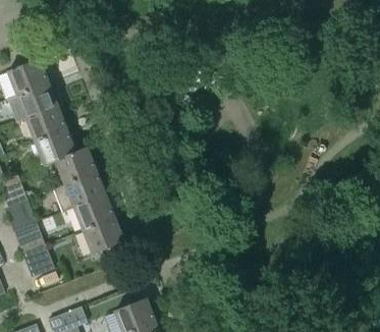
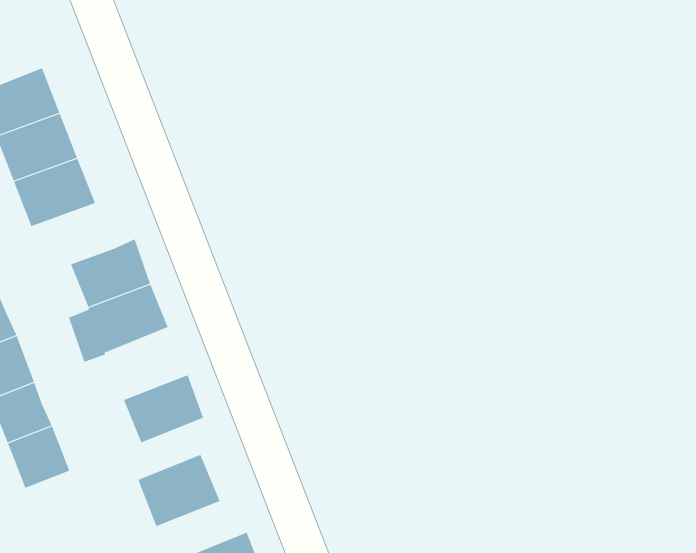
building: [34,127,76,163] -> none
building: [72,191,115,229] -> [138,454,221,527]

